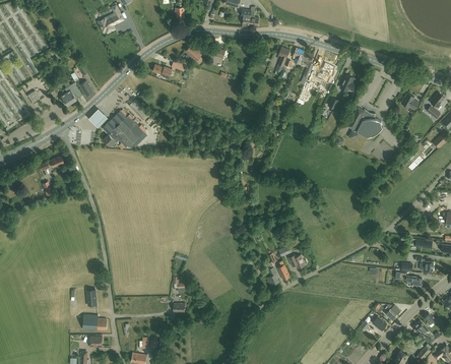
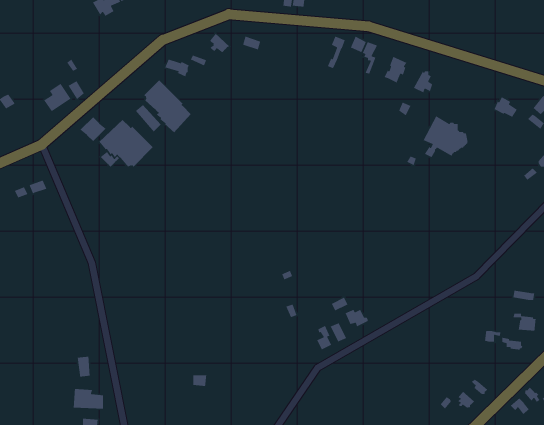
building: none -> [144,80,192,133]

